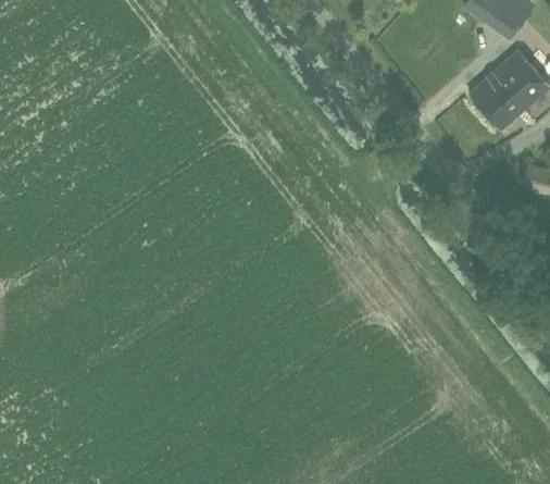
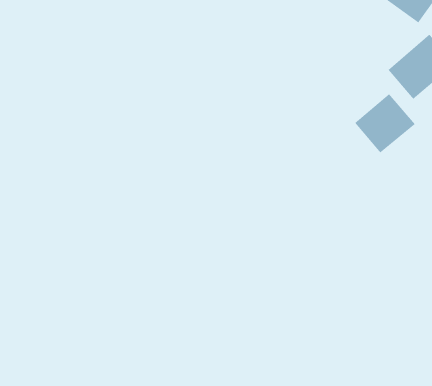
building: none -> [354,93,416,153]

